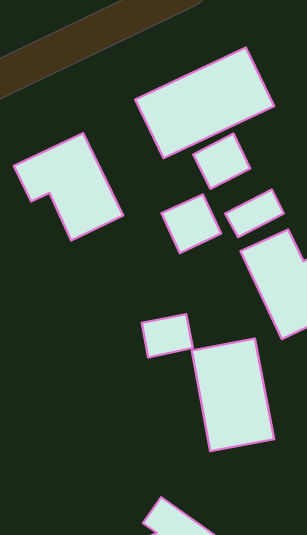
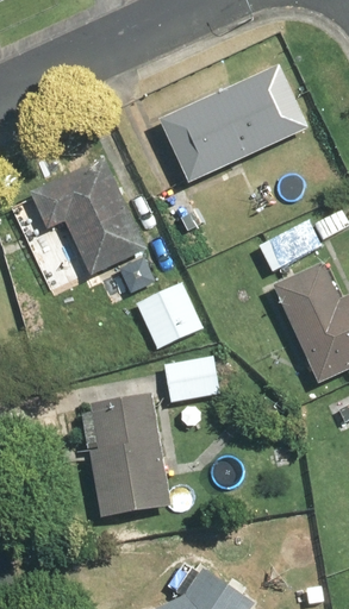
building: [193,133,250,189] -> none
building: [161,195,221,253] -> [138,284,204,349]
building: [192,339,274,451] -> [80,394,170,517]

